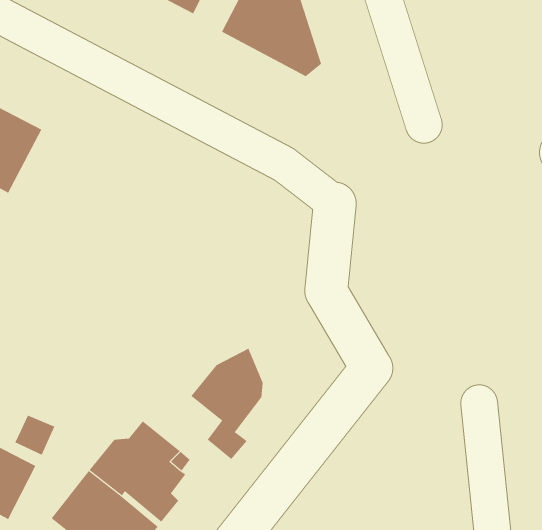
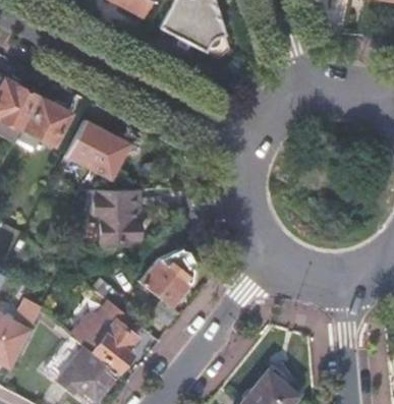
building: none -> [19,98,69,147]
building: none -> [67,121,129,178]
building: none -> [91,190,140,243]

